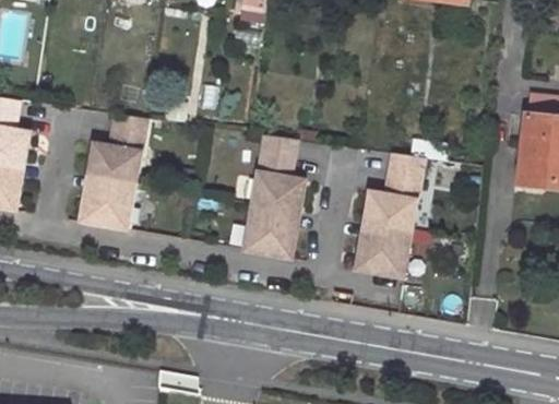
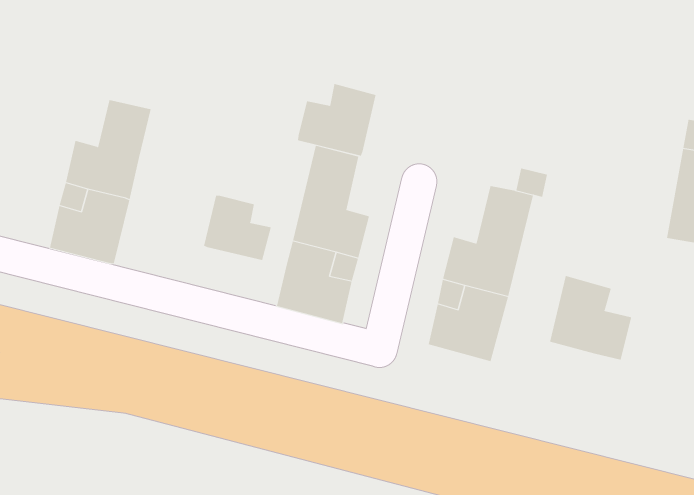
building: none -> [298,83,376,156]
building: none -> [203,195,272,261]
building: none -> [550,275,632,361]

